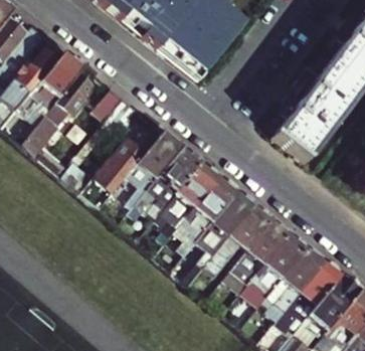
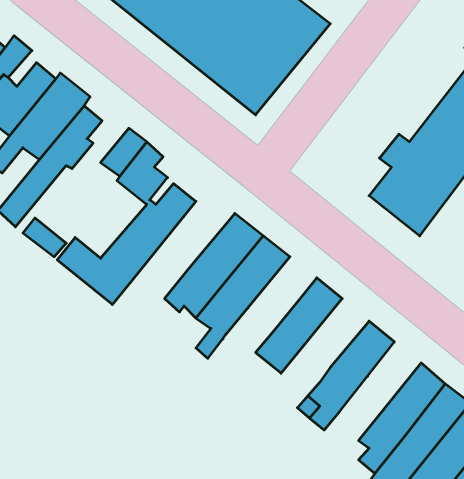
building: [116,130,185,212] -> none
building: [177,175,240,252] -> none
building: [205,203,276,276] -> none
building: [255,232,311,301] -> none

